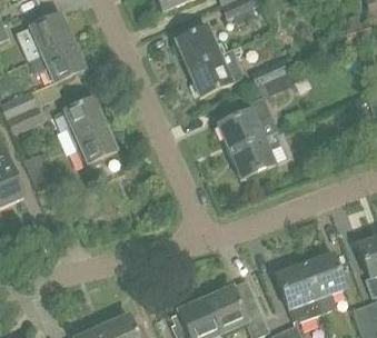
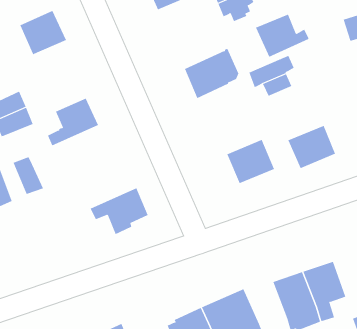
building: [176,26,228,68] -> [255,14,309,58]
building: [29,40,87,81] -> none
building: [218,108,265,150] -> [287,125,336,169]
building: [61,122,118,168] -> [90,188,148,235]

